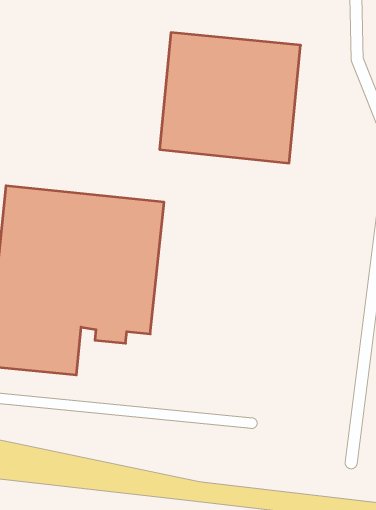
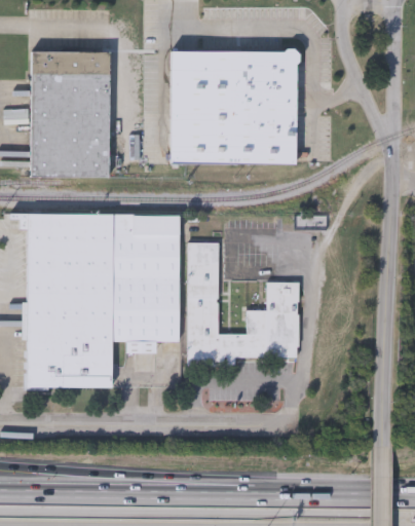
building: none -> [31,50,110,177]
building: none -> [187,242,299,366]

